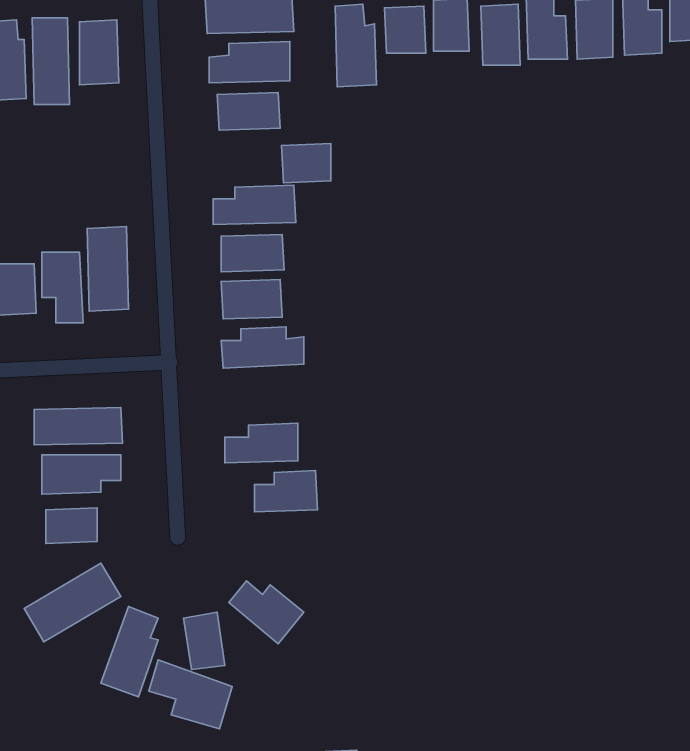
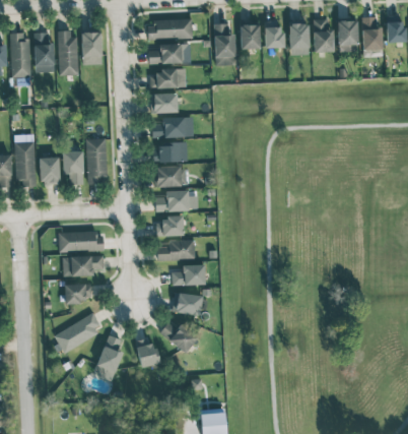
building: [282,144,331,183] -> [152,92,178,113]
building: none -> [156,218,183,236]
building: none -> [174,294,202,314]
building: [149,660,232,729] -> none

